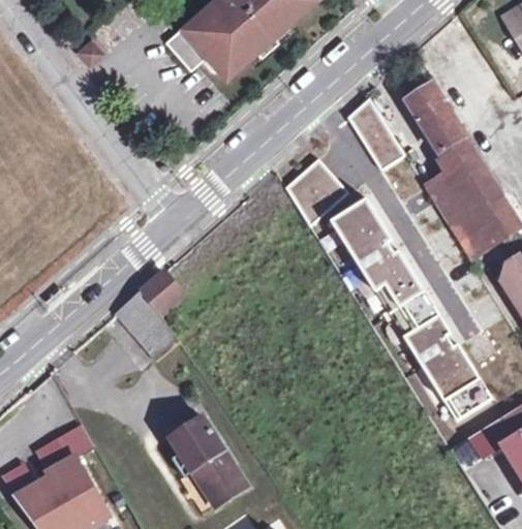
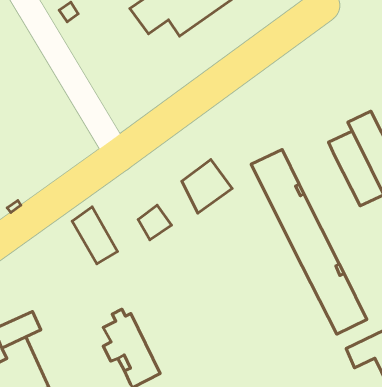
building: [411,84,468,151] -> none
building: [348,98,405,170] -> none
building: [285,159,348,226] -> [182,160,232,213]
building: [142,273,183,316] -> [138,205,171,240]

